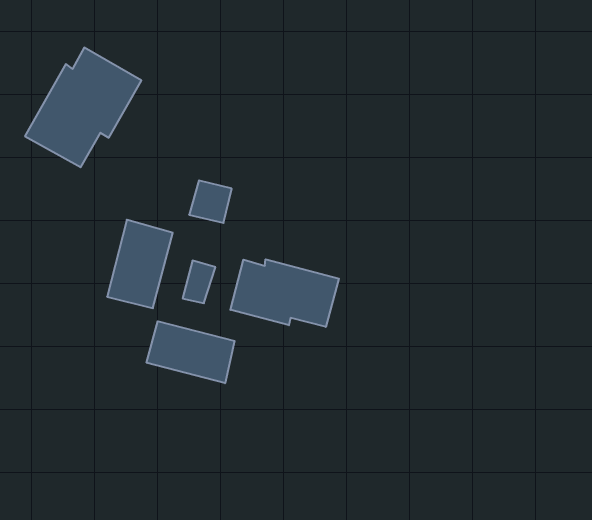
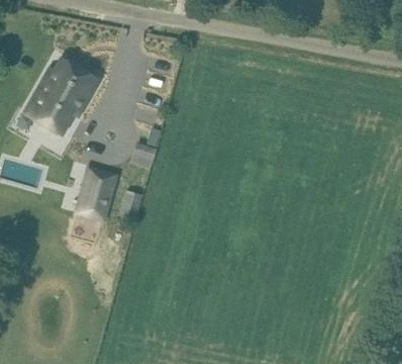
building: [230,259,339,327] -> none
building: [147,321,235,383] -> none

